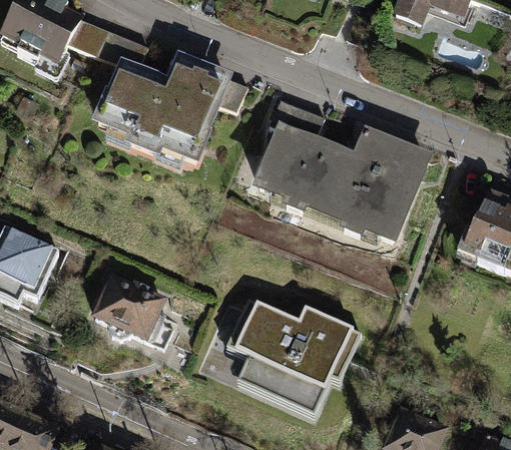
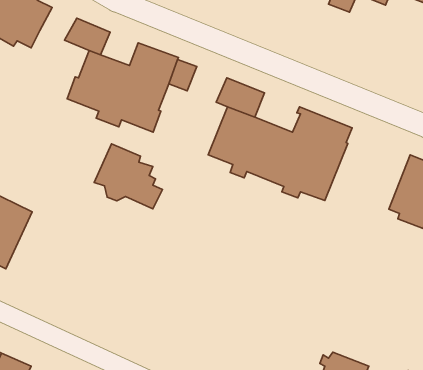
building: [66,17,108,54] -> none
building: [94,273,172,347] -> [94,144,162,209]
building: [224,299,360,402] -> none

